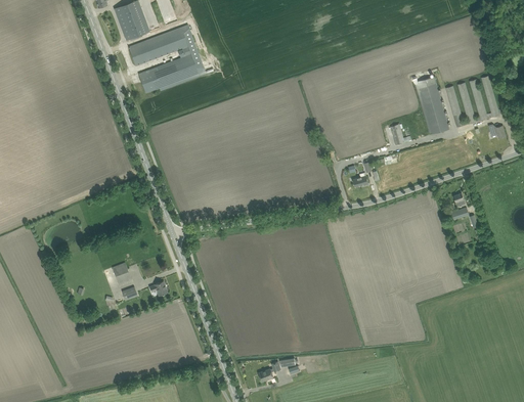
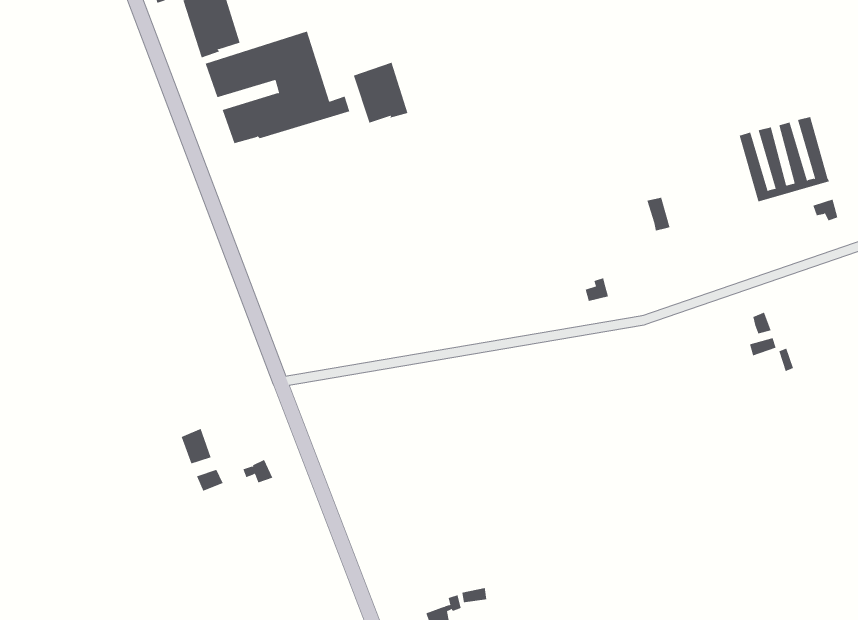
building: none -> [353,62,408,123]
building: [412,76,449,134] -> none

